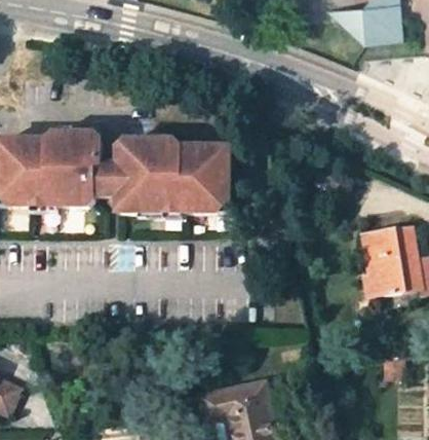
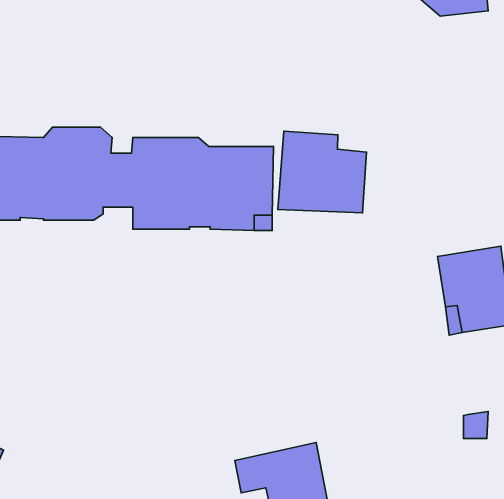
building: none -> [278,131,367,213]

